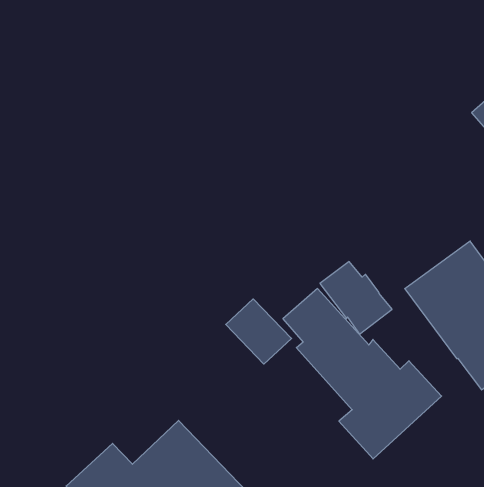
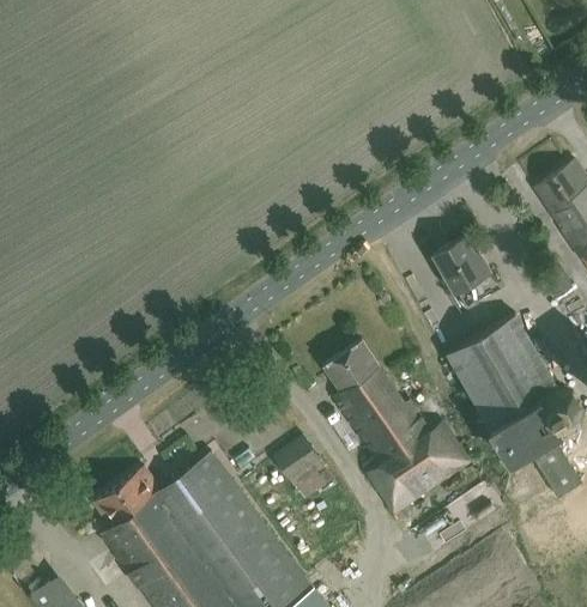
building: [320,262,392,334] -> [435,237,502,309]
building: [226,299,292,364] -> [272,435,334,499]

